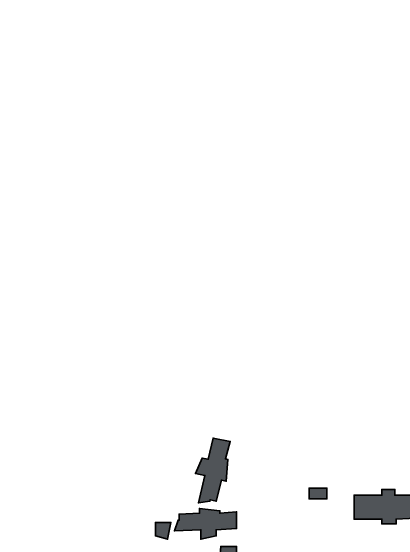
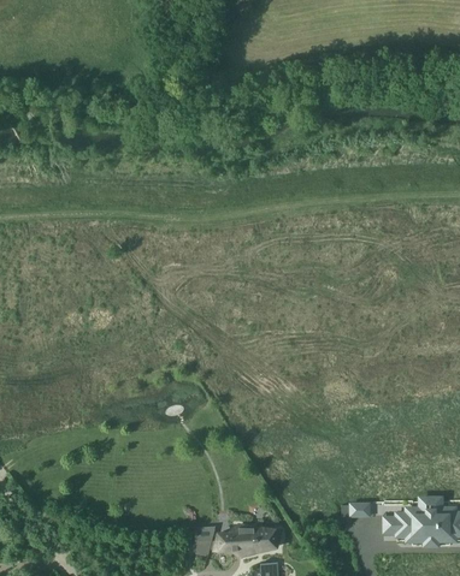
building: [195,438,230,503] -> none

